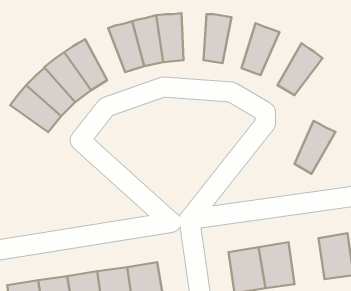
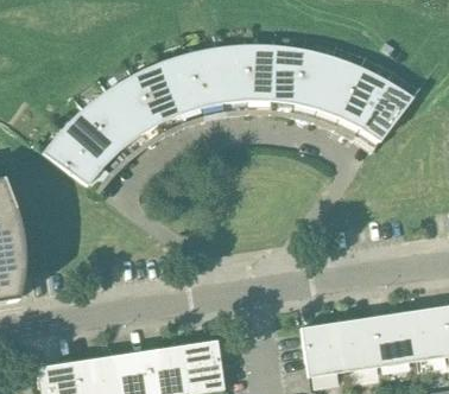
building: none -> [246,45,276,101]
building: none -> [295,50,334,110]
building: none -> [132,63,179,125]
building: [295,121,336,174] -> [340,68,388,131]
building: none -> [373,312,416,367]

